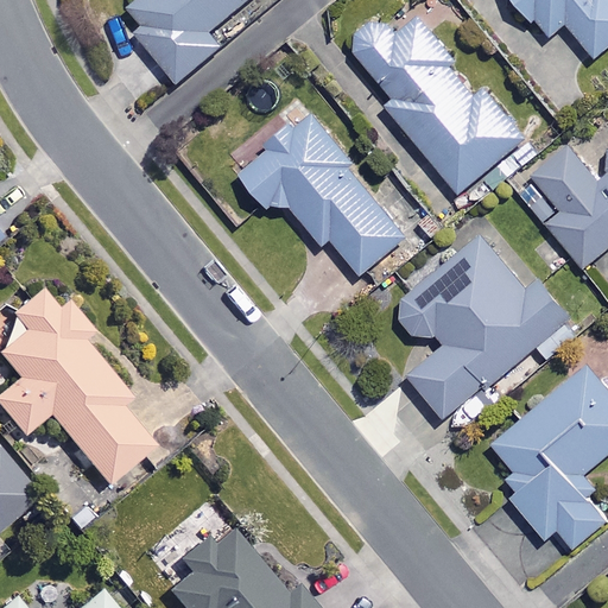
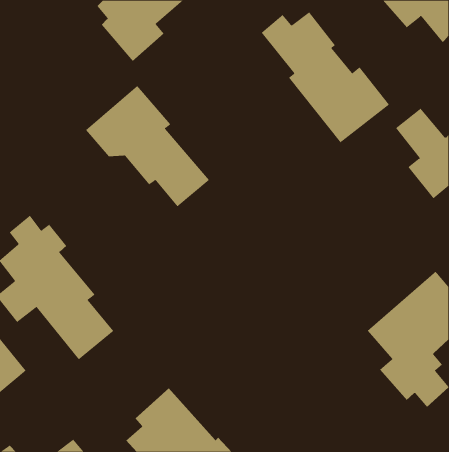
building: [238,110,405,274] -> [85,85,210,207]
building: [392,224,581,422] -> none

